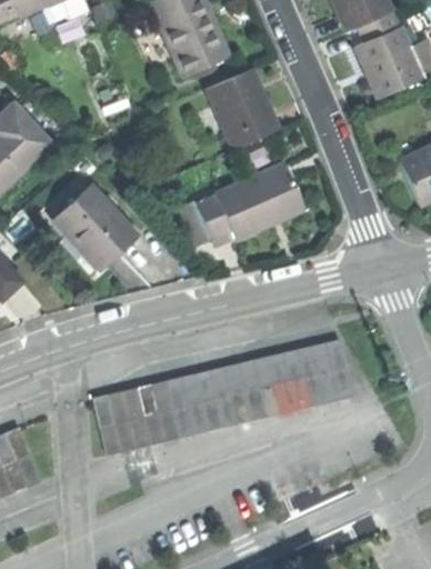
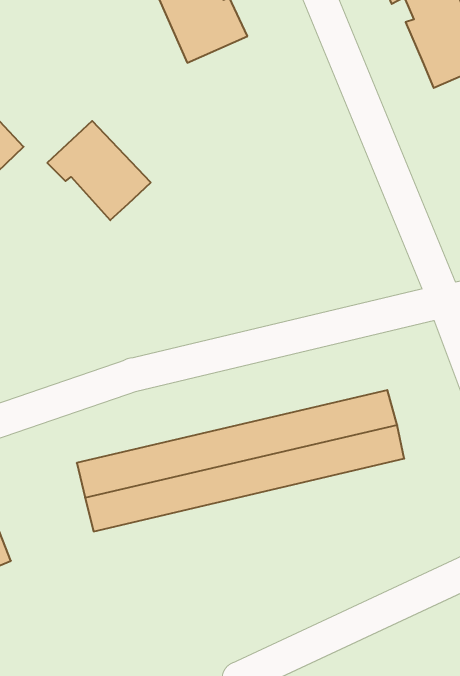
building: [204,68,279,151] -> none
building: [196,164,304,241] -> none
building: [56,188,138,267] -> [47,121,151,220]

